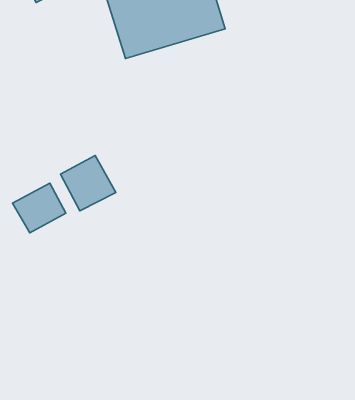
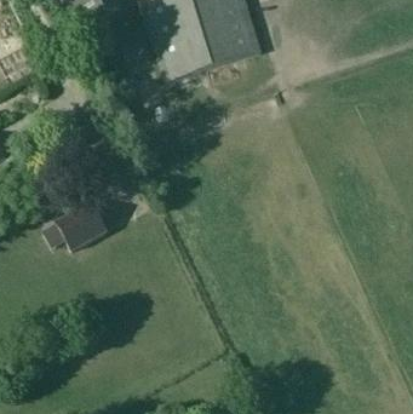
building: [61,155,116,211] -> none

